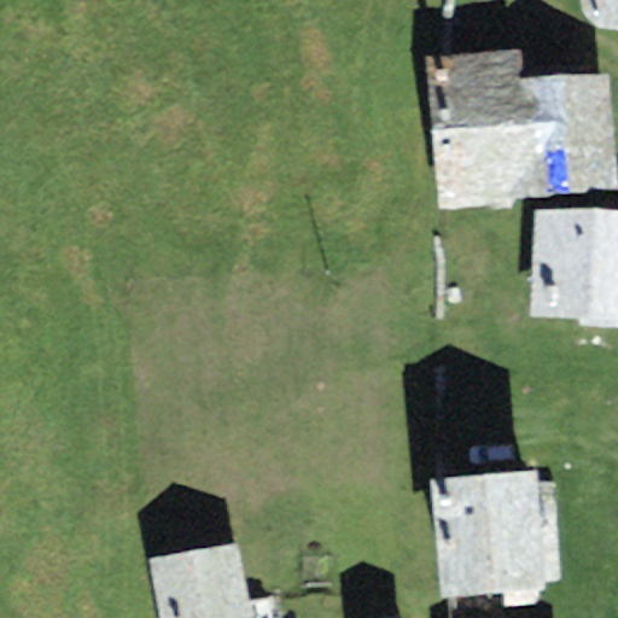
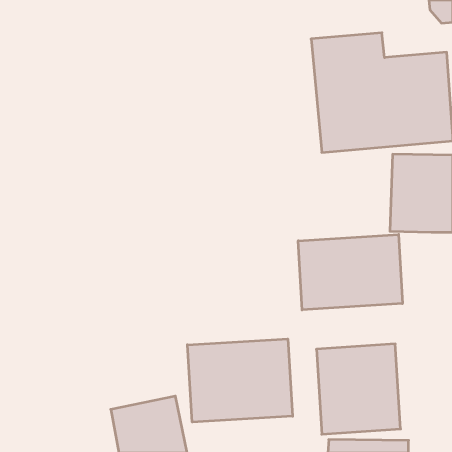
building: none -> [298,234,402,310]
building: none -> [187,339,293,422]

